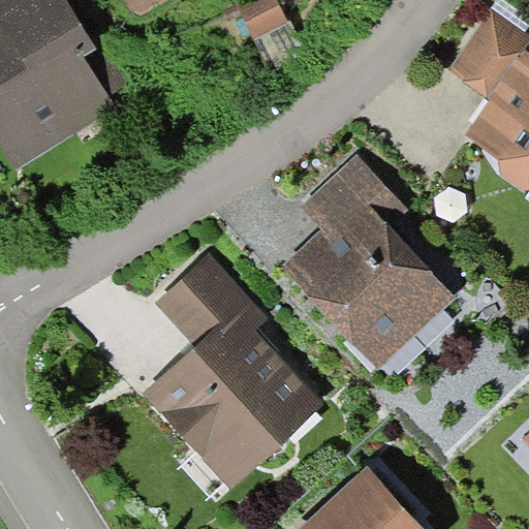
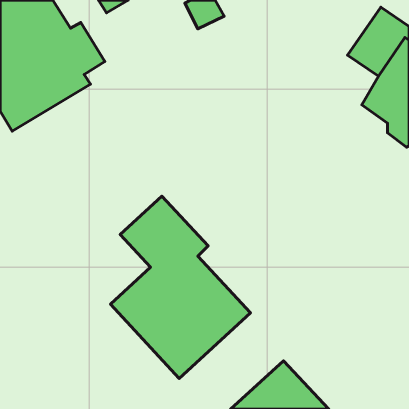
building: [283,154,457,368] -> none

